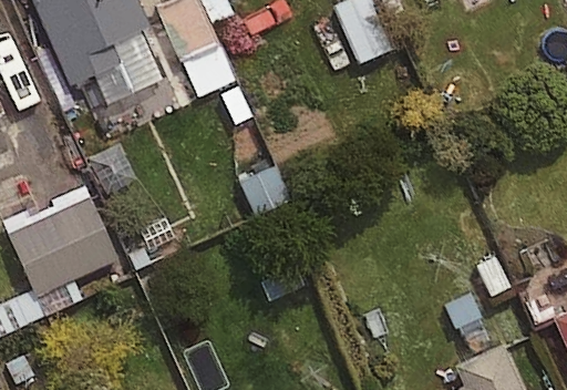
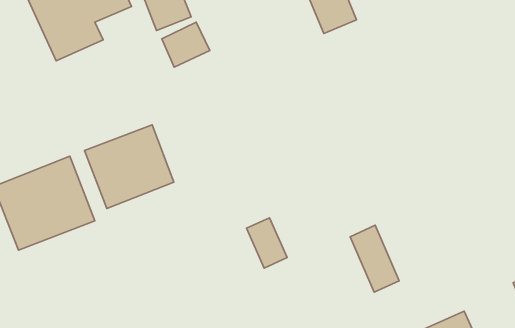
building: none -> [84,125,174,208]

